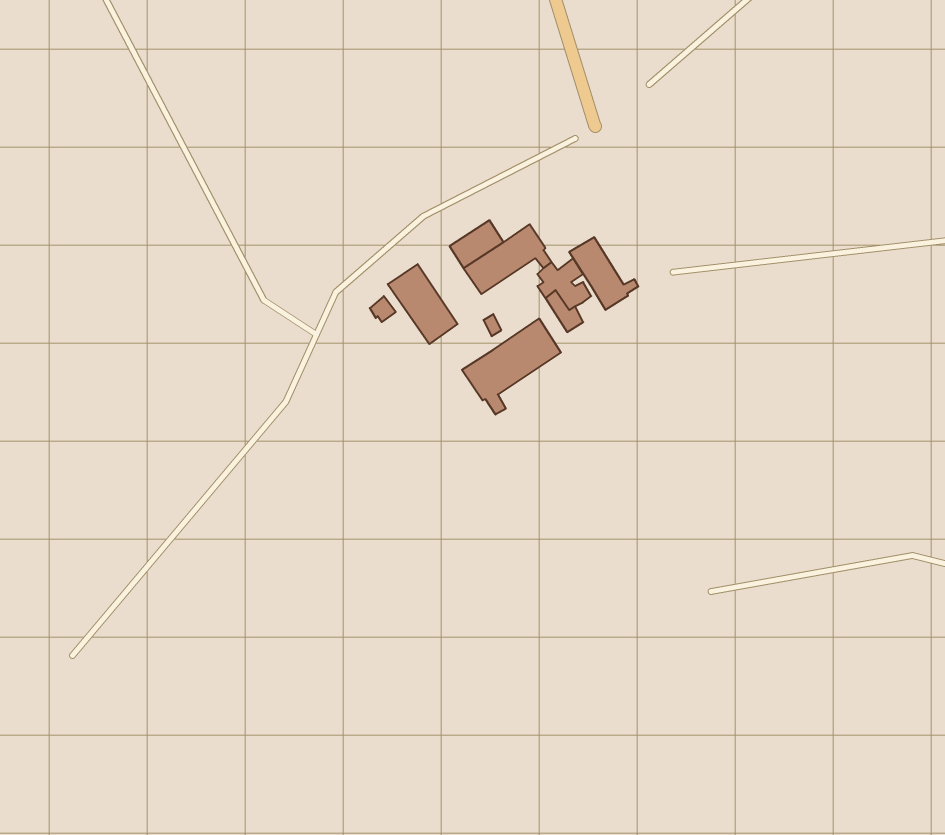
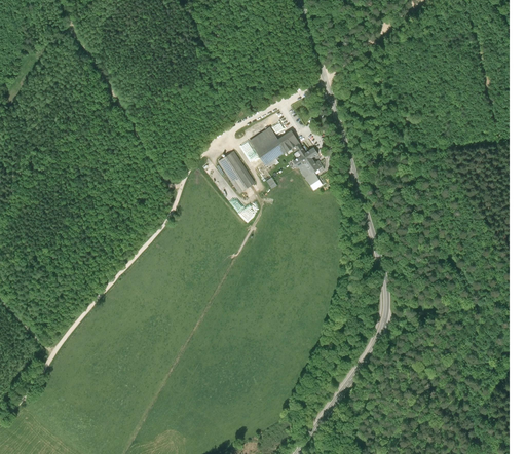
building: [569,237,638,310] -> none
building: [462,318,561,415] -> none

